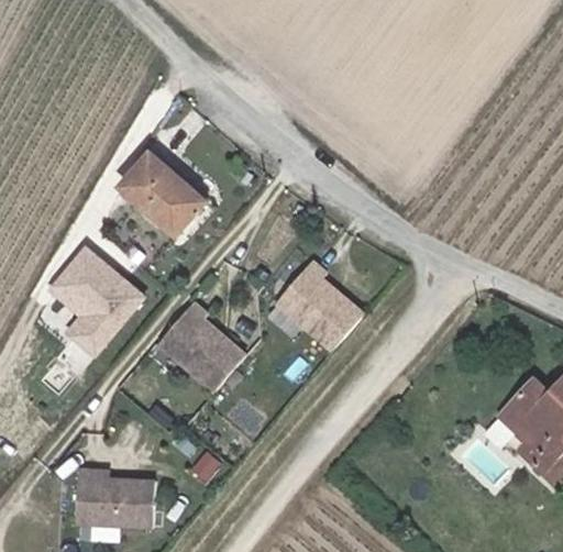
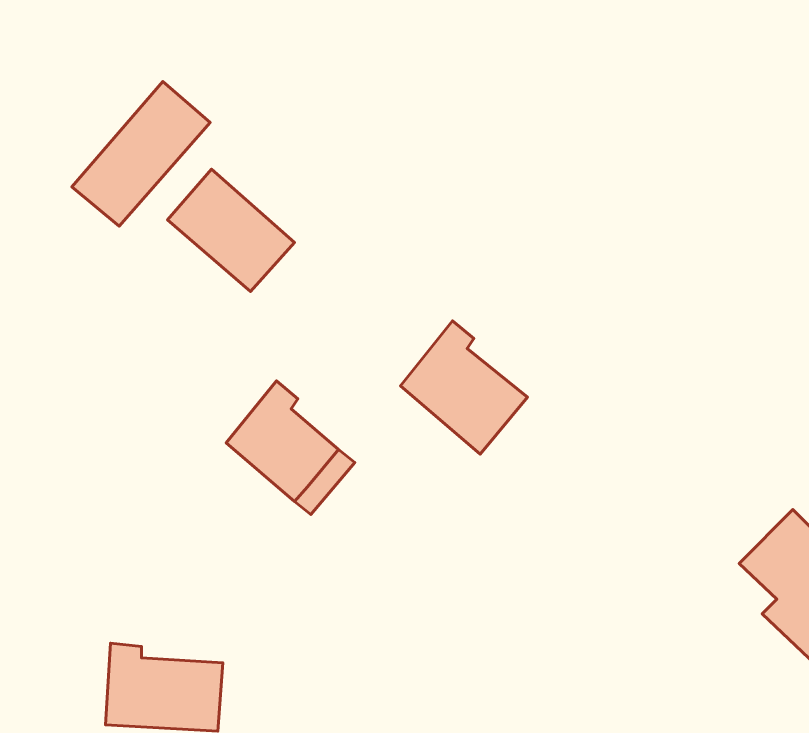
building: none -> [72,81,210,226]
building: [47,247,151,364] -> none

